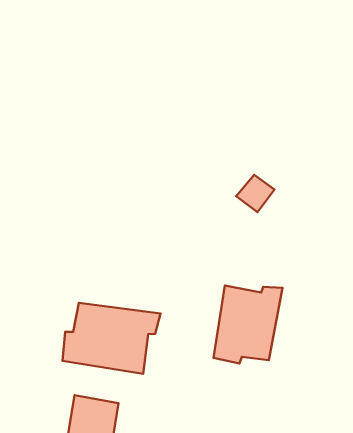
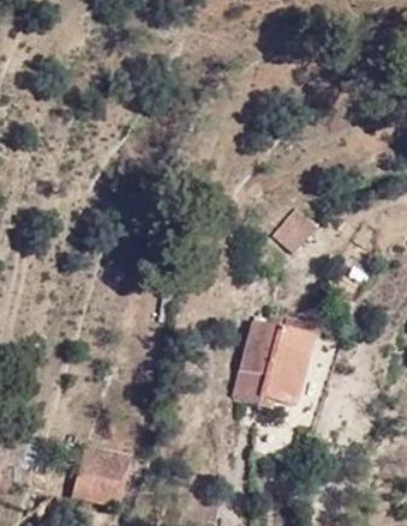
building: [62,303,160,374] -> none

